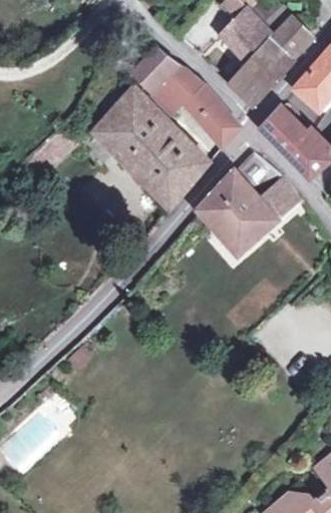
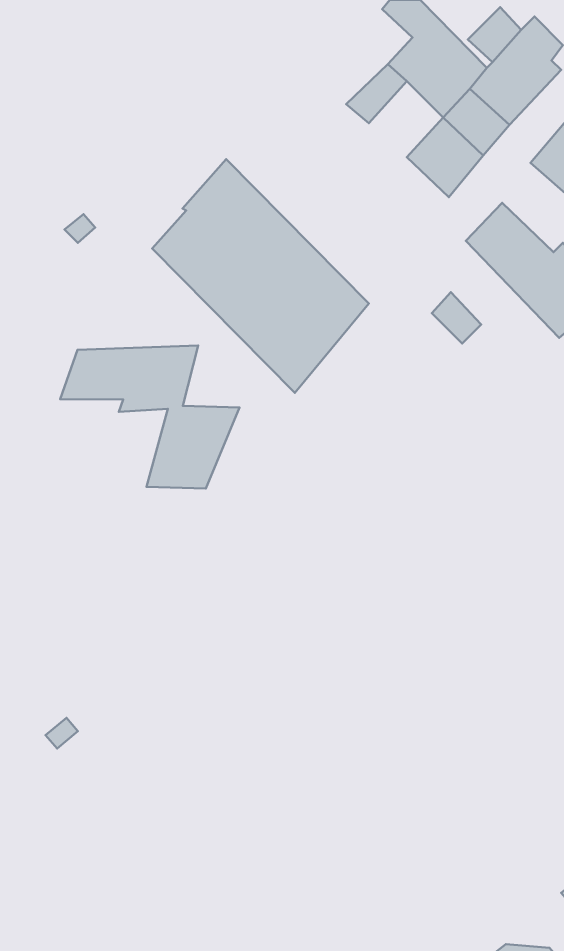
building: [133,44,240,144] -> none
building: [198,167,301,252] -> none
building: none -> [60,345,240,488]

